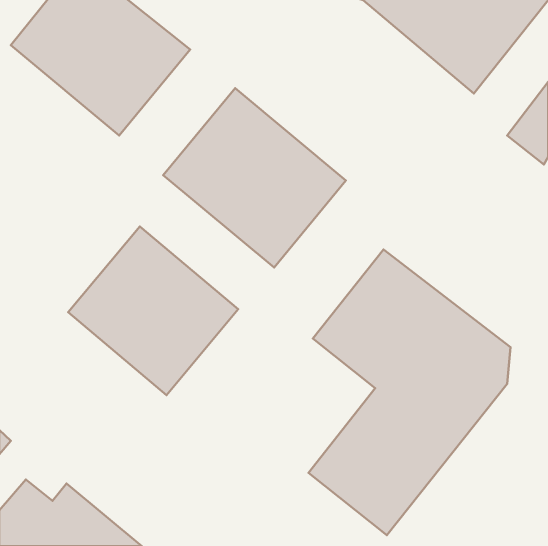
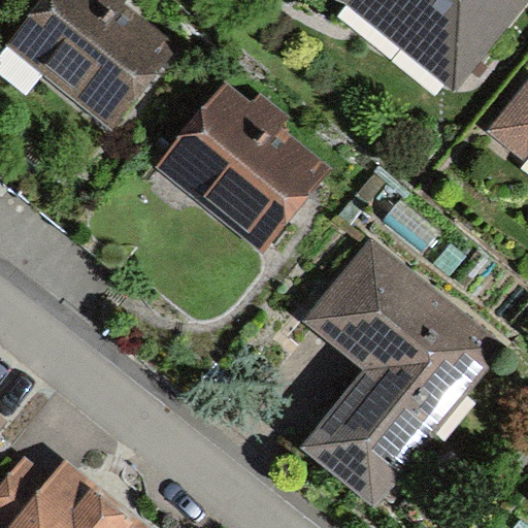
building: [68,226,238,395] -> none

